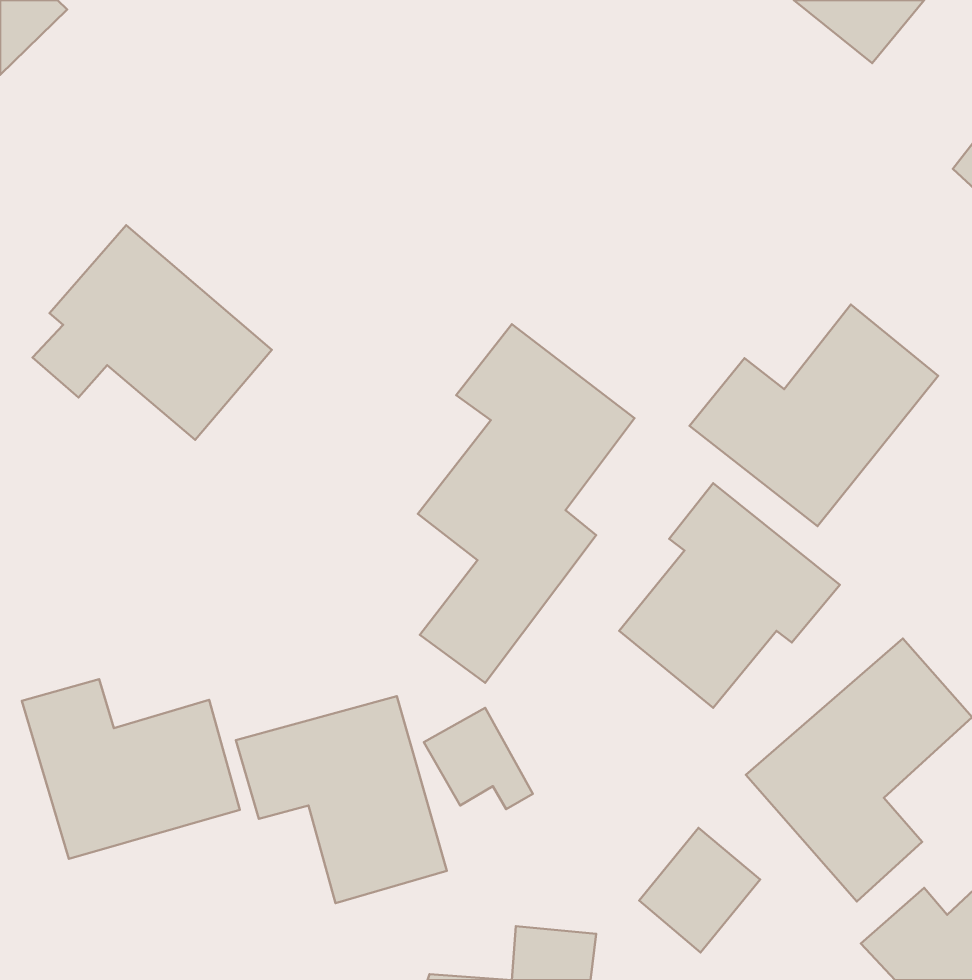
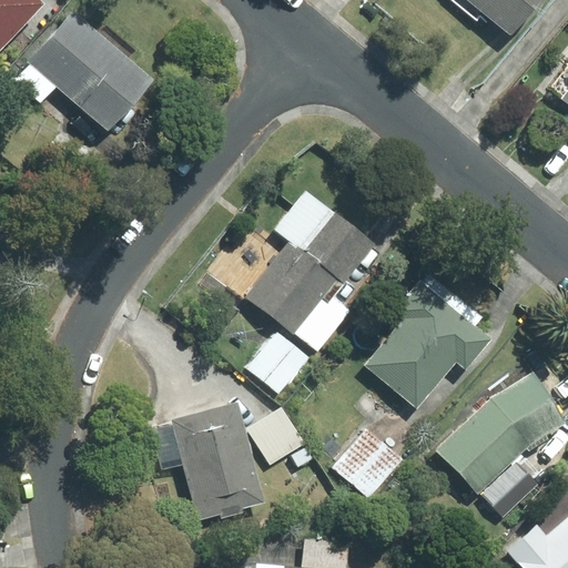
building: [32,225,272,440] -> [13,6,152,130]
building: [690,304,938,526] -> none
building: [22,679,240,859] -> none
building: [639,828,760,952] -> [334,427,404,499]

